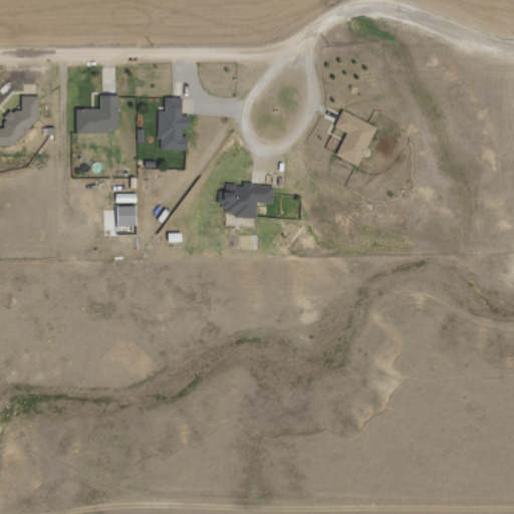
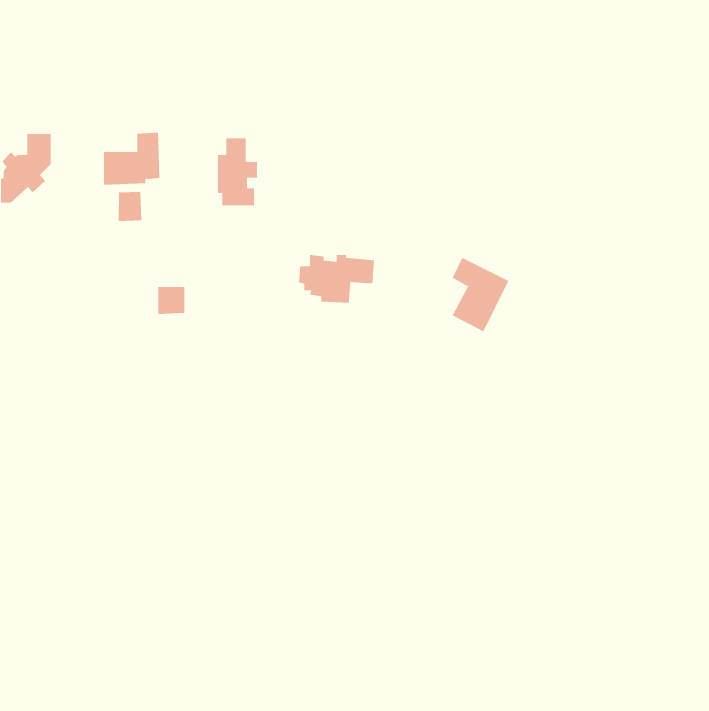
building: [335,111,376,166] -> [452,257,509,332]
building: none -> [118,191,142,222]

